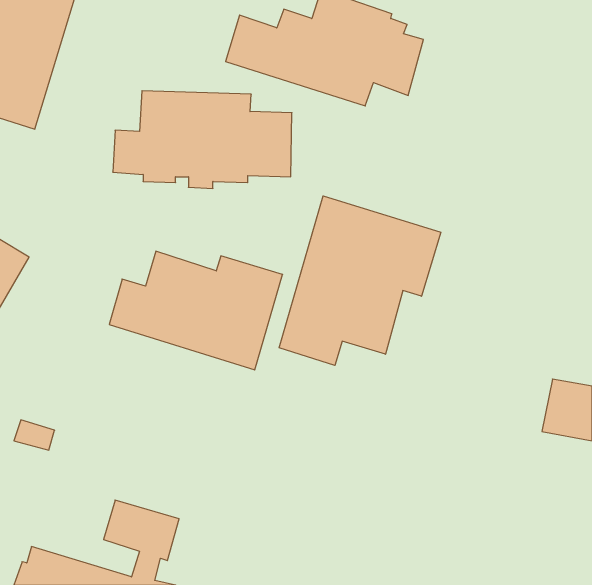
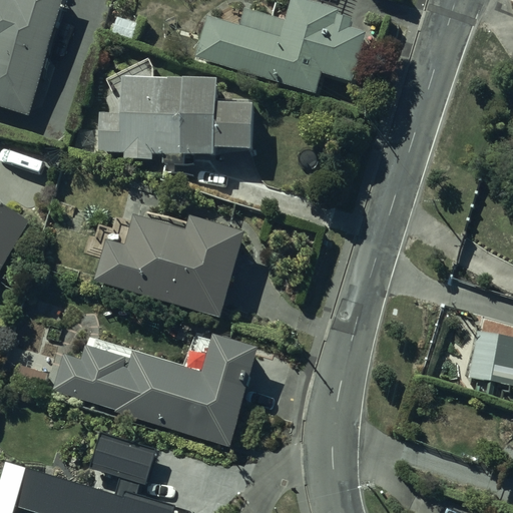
building: [279,196,441,365] -> none
building: none -> [54,339,256,445]

